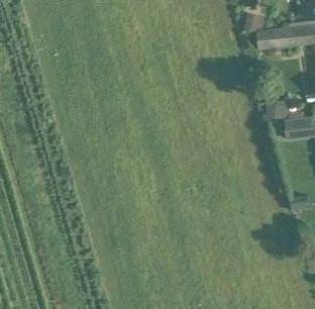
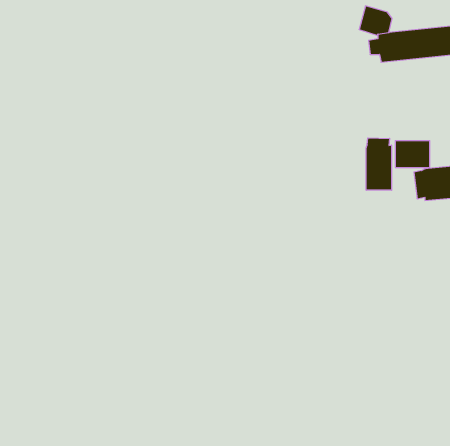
building: none -> [366,138,392,190]

